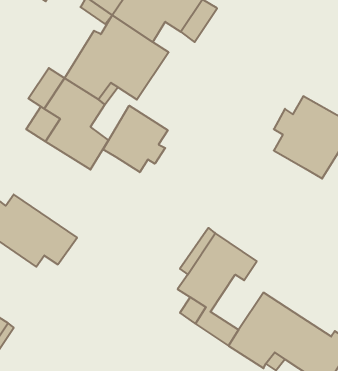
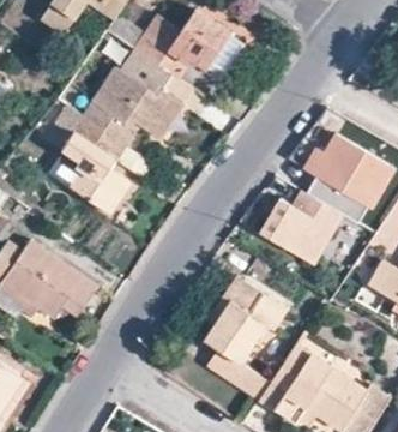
building: [103,106,168,172] -> none
building: none -> [258,190,339,264]

